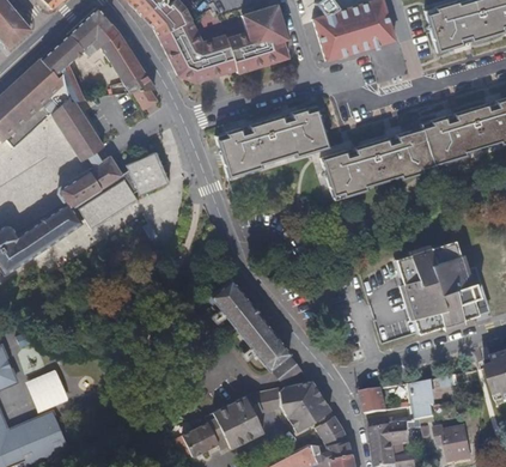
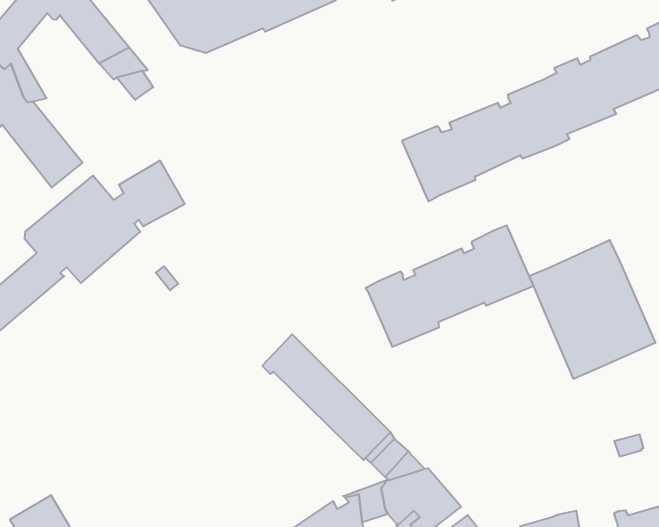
building: [215,104,329,177] -> [366,225,533,347]
building: [396,378,435,423] -> none
building: [360,388,388,413] -> none

